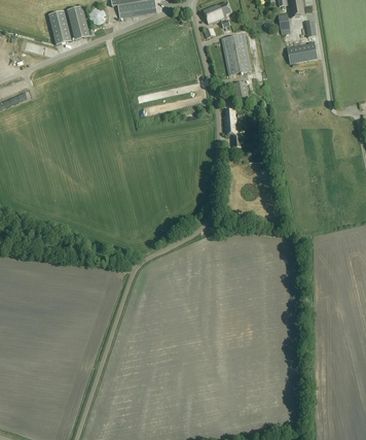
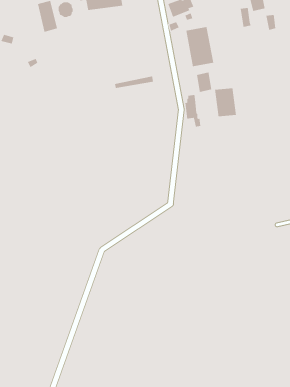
building: [48,10,72,44] -> none
building: [287,42,318,64] -> none
building: none -> [215,87,236,117]

